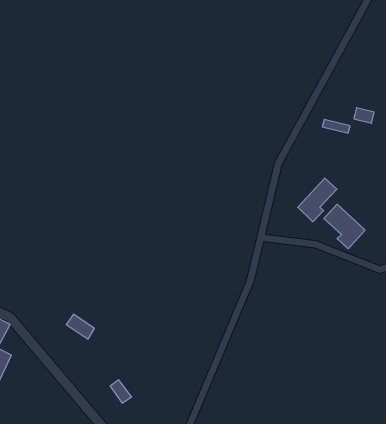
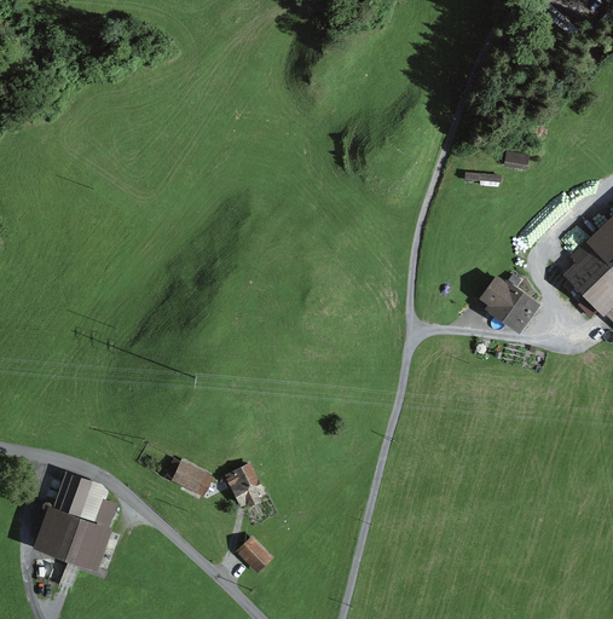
building: [298,178,337,222] -> none
building: none -> [227,469,264,507]

